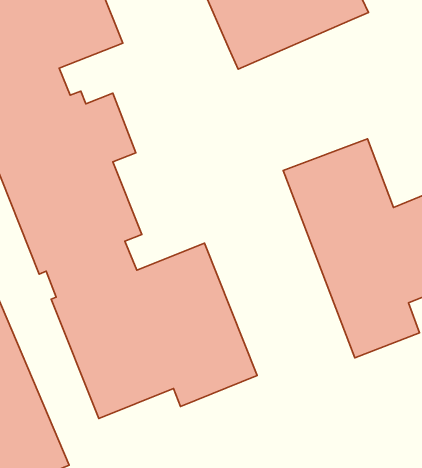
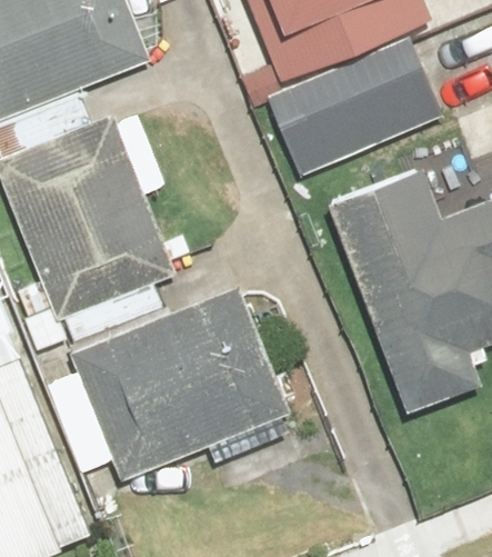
building: none -> [240,36,438,177]

